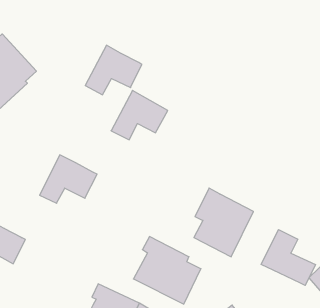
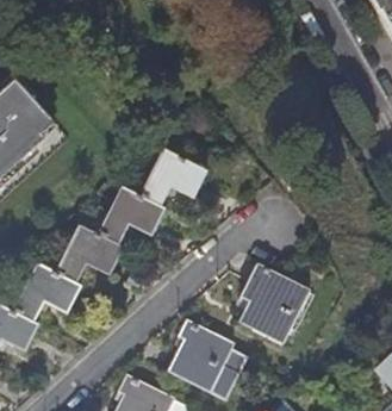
building: [85,45,142,95] -> [99,186,166,244]
building: none -> [14,262,82,322]
building: [261,230,316,285] -> none

